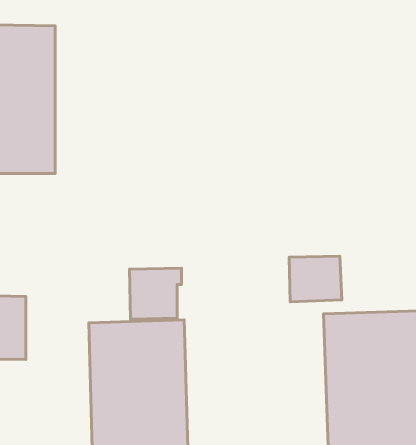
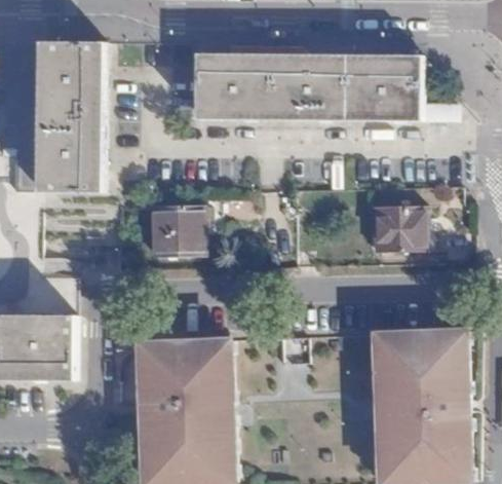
building: none -> [194,53,417,118]
building: [289,256,342,302] -> [366,203,420,250]
building: [129,268,181,319] -> [147,203,199,255]

